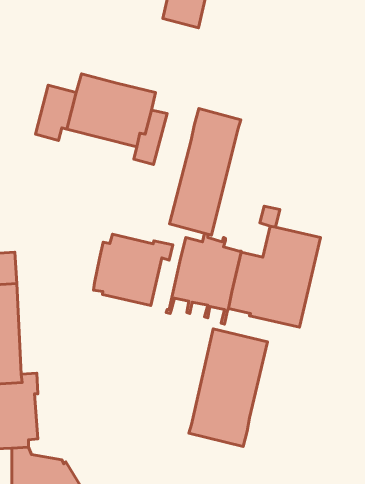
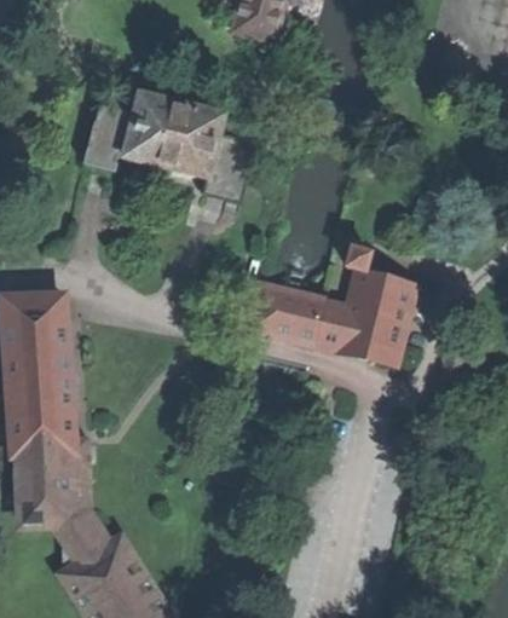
building: [170,109,241,235] -> none
building: [93,234,173,305] -> none
building: [189,329,267,446] -> none

